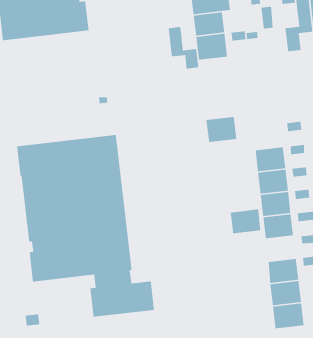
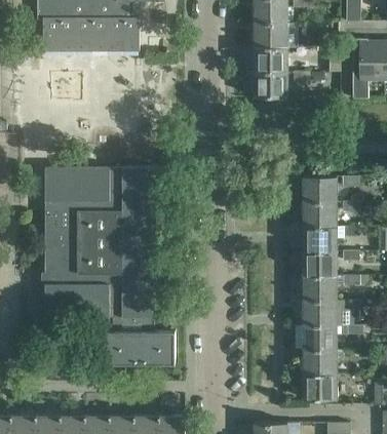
building: [168,26,199,69] -> none
building: [206,116,237,143] -> [304,175,336,201]
building: [230,209,261,234] -> [304,300,336,324]

